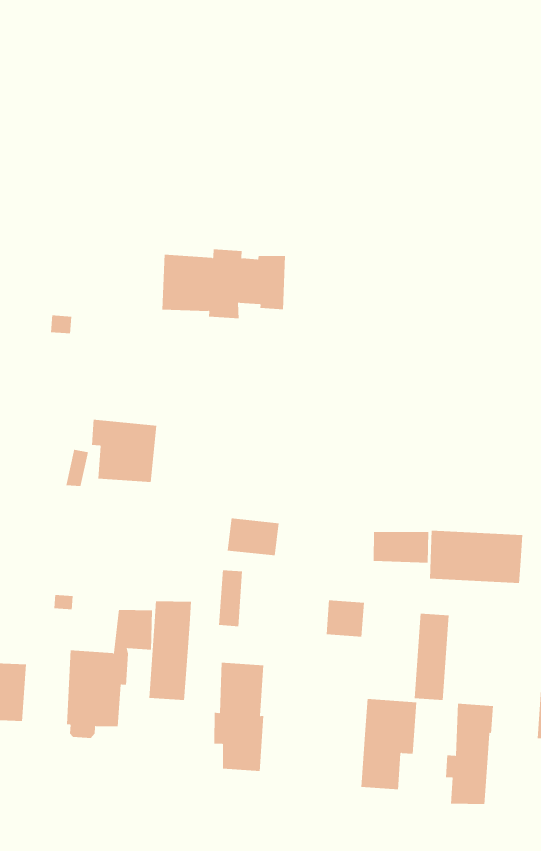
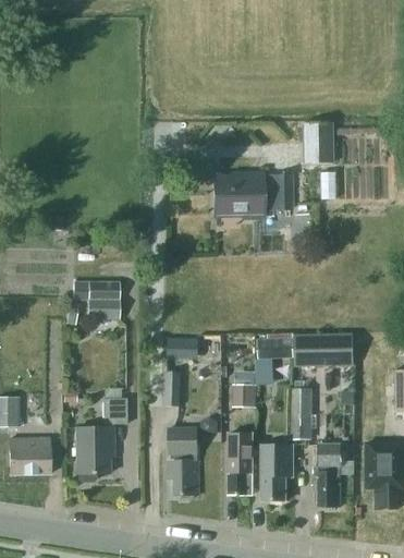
building: none -> [301,122,331,162]
building: [162,249,286,319] -> [210,173,287,216]
building: [148,601,192,701] -> [229,432,252,494]

